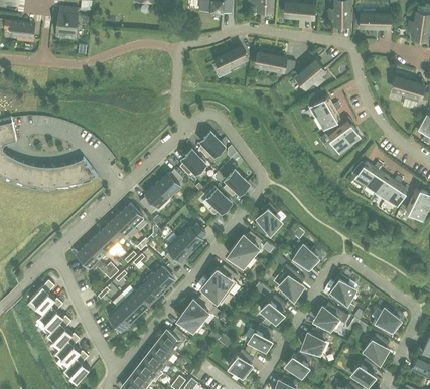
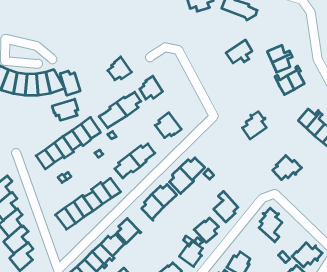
building: [296,59,324,86] -> [226,40,252,63]
building: [197,132,224,158] -> [108,57,132,80]
building: none -> [60,71,80,95]
building: [223,170,249,196] -> none
building: none -> [52,99,78,120]
building: [254,205,280,236] -> [242,112,266,139]
building: [290,244,321,271] -> [273,155,302,180]
building: [185,296,213,322] -> none
building: [314,303,348,330] -> none

